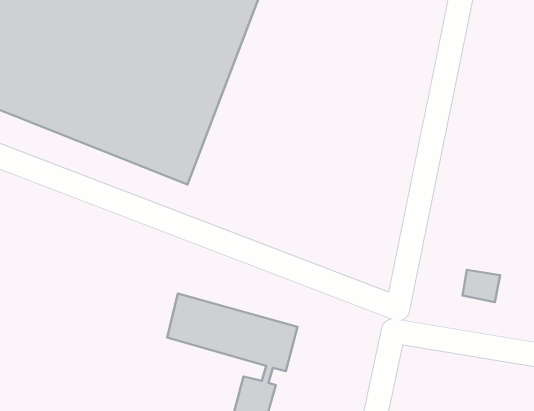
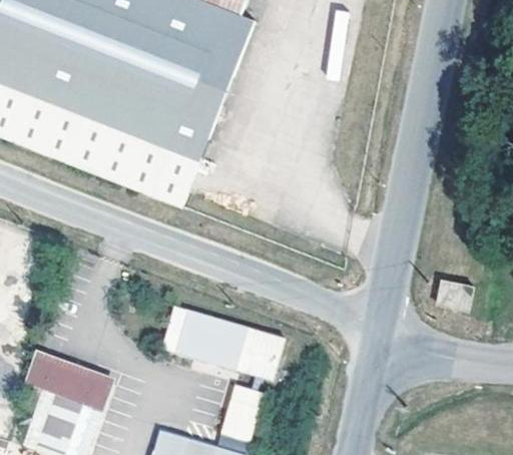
building: none -> [23,348,114,412]

